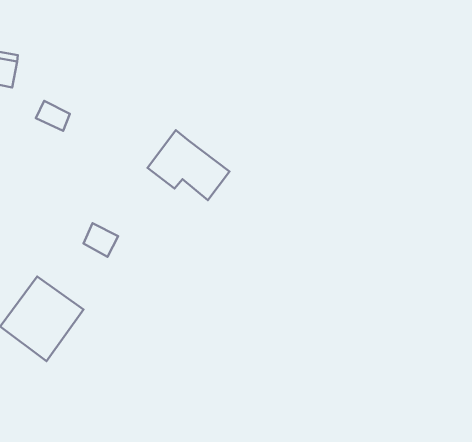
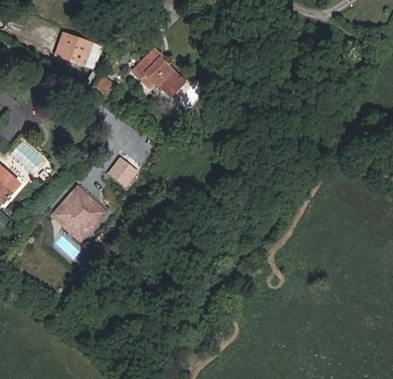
building: [148,130,230,200] -> [134,49,186,98]

